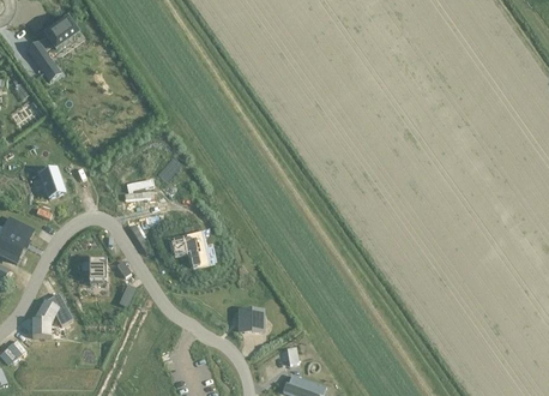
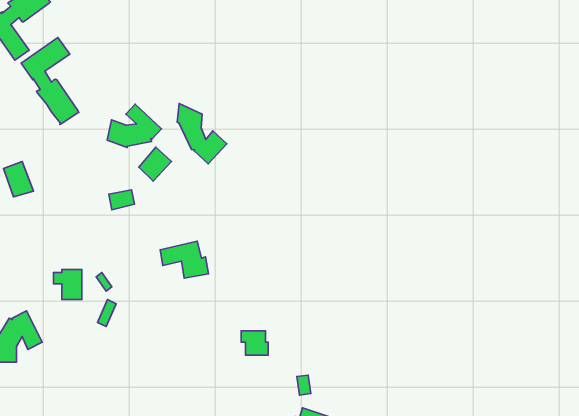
building: none -> [21,37,79,124]
building: none -> [177,103,227,164]
building: none -> [107,104,161,147]

